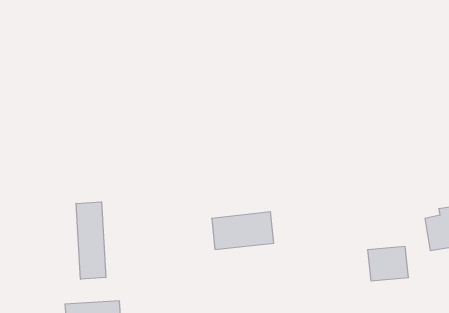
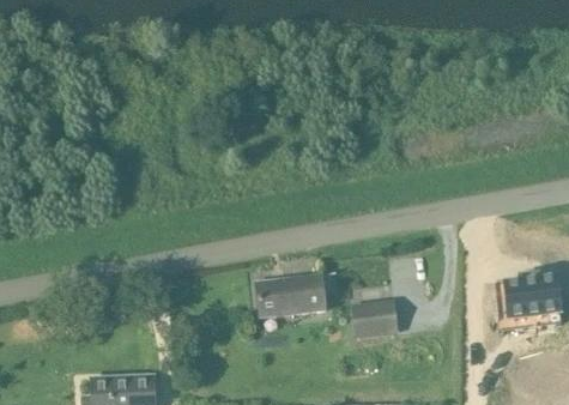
building: [76,202,106,279] -> none
building: [368,247,408,281] -> [351,300,397,338]

